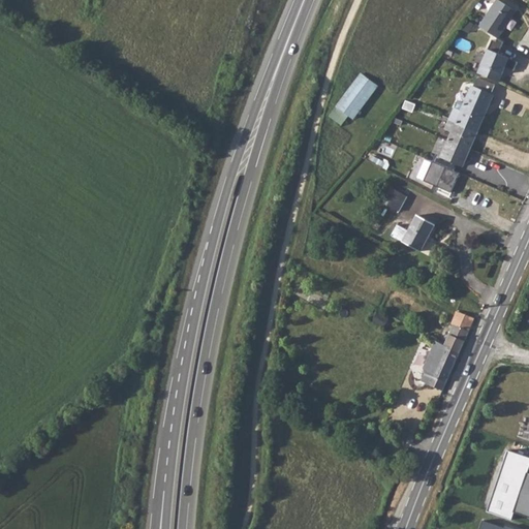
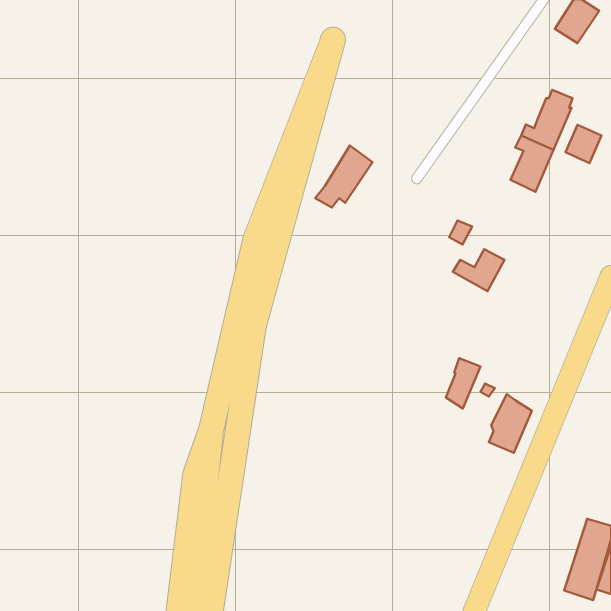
building: [478,49,509,82] -> [566,125,601,163]
building: [328,71,377,125] -> [315,145,373,208]
building: [423,160,460,191] -> none
building: [444,311,474,354] -> [446,358,481,408]

